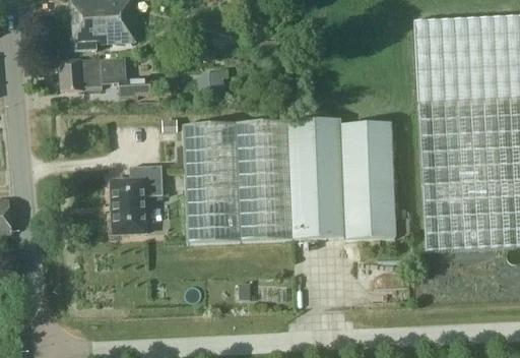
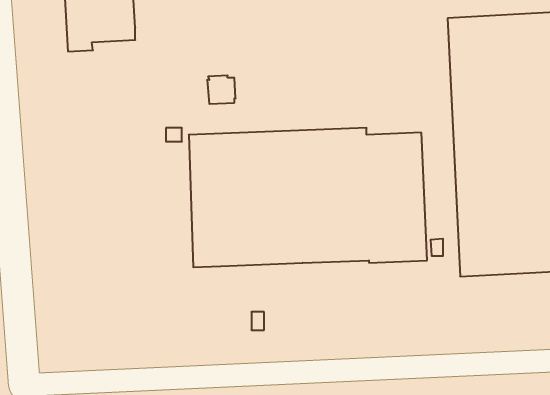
building: [59,53,151,96] -> none
building: [111,165,162,234] -> none

